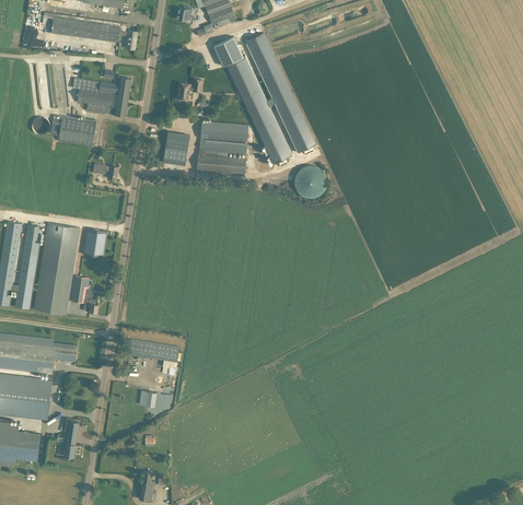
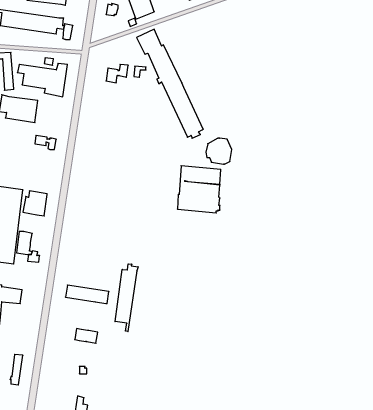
building: [245,32,315,152] -> none
building: [196,120,247,176] -> [177,166,221,213]
building: [162,131,189,165] -> none
building: none -> [115,264,138,332]

